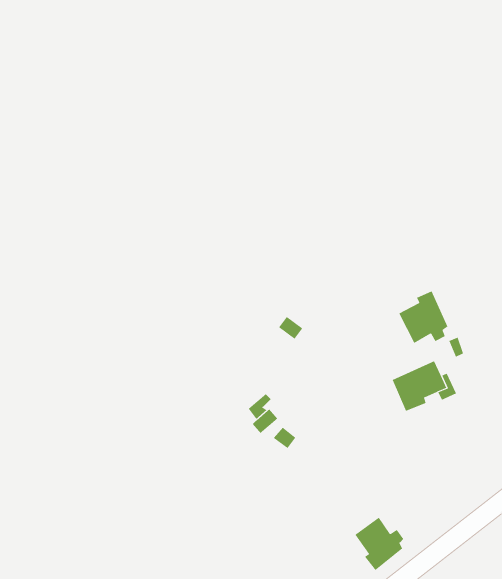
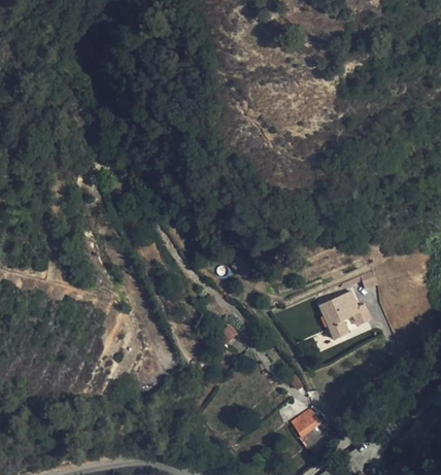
building: [399,291,448,344] -> none

